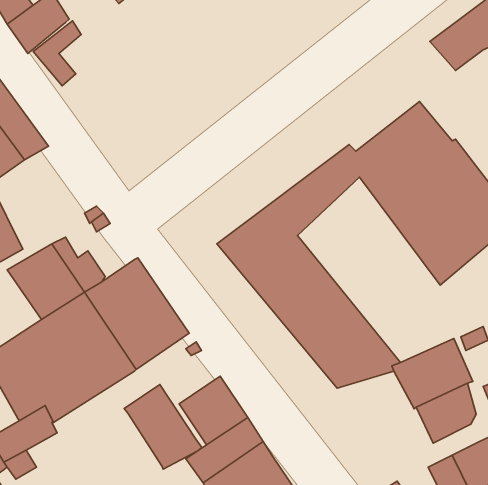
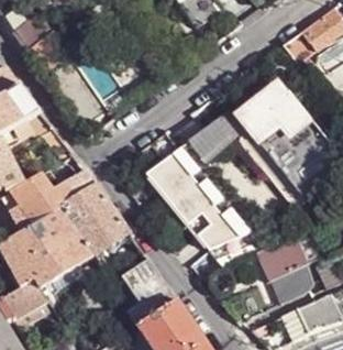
building: [124,384,202,469] -> none

